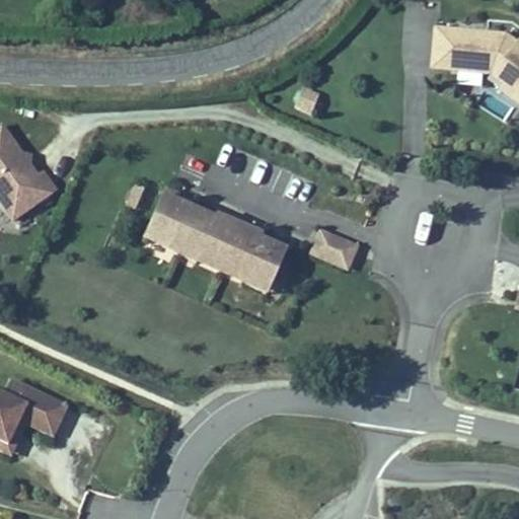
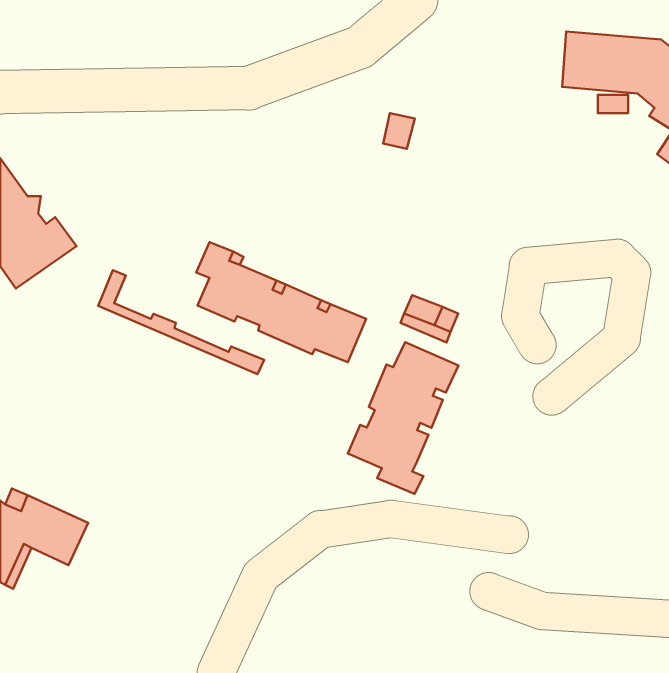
building: [143,210,271,290] -> [98,270,264,374]
building: none -> [348,342,459,494]

